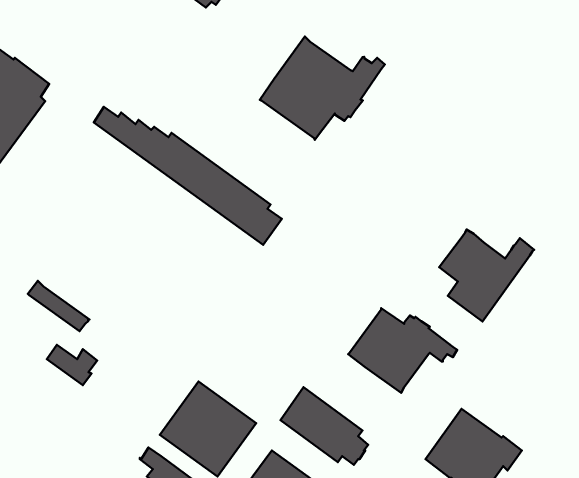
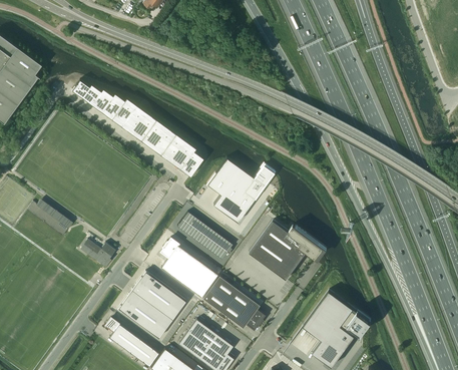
building: [260,36,385,140] -> none
building: [439,230,534,322] -> [207,158,274,223]
building: none -> [177,213,233,260]
building: none -> [160,238,217,298]
building: [47,345,97,385] -> [80,240,115,268]

